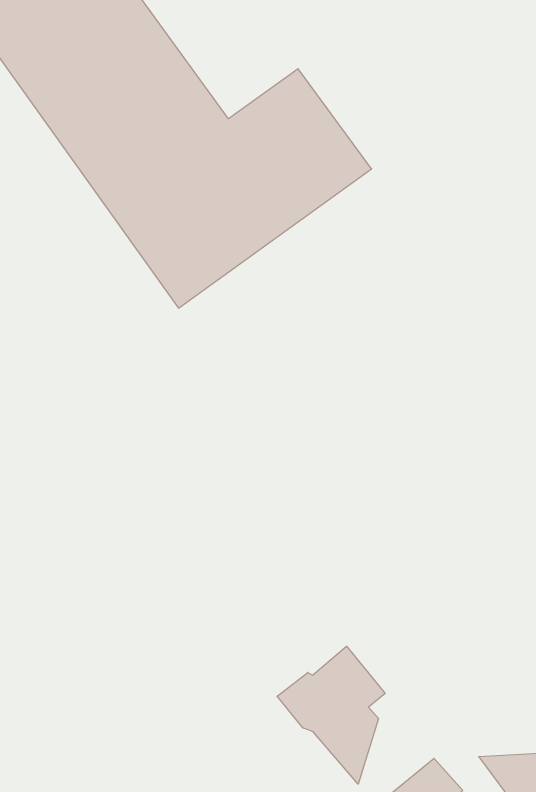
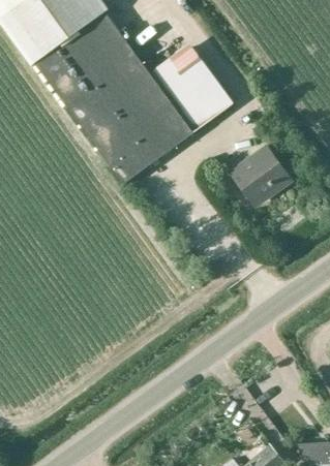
building: none -> [230,145,292,200]
building: [277,646,385,784] -> none

